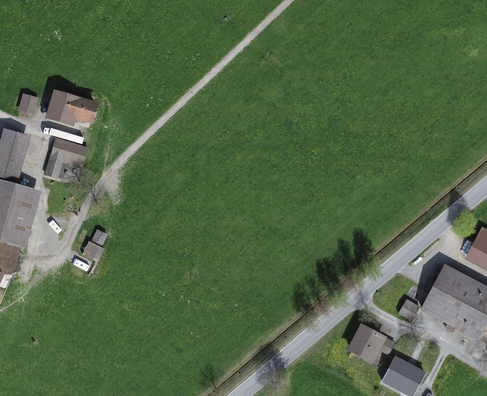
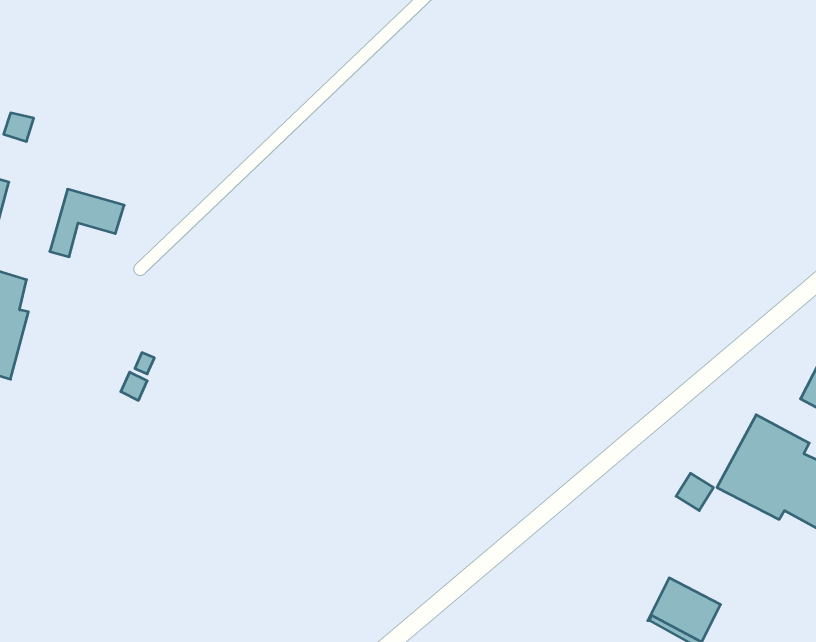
building: [48,91,96,123] -> none
building: [351,325,394,359] -> none

